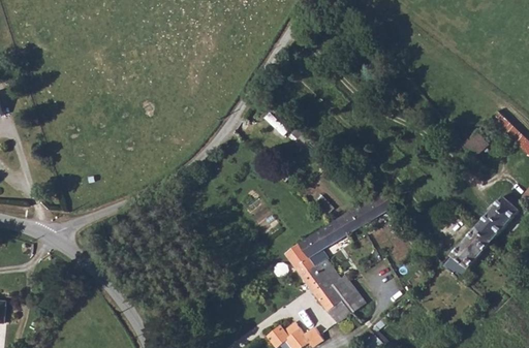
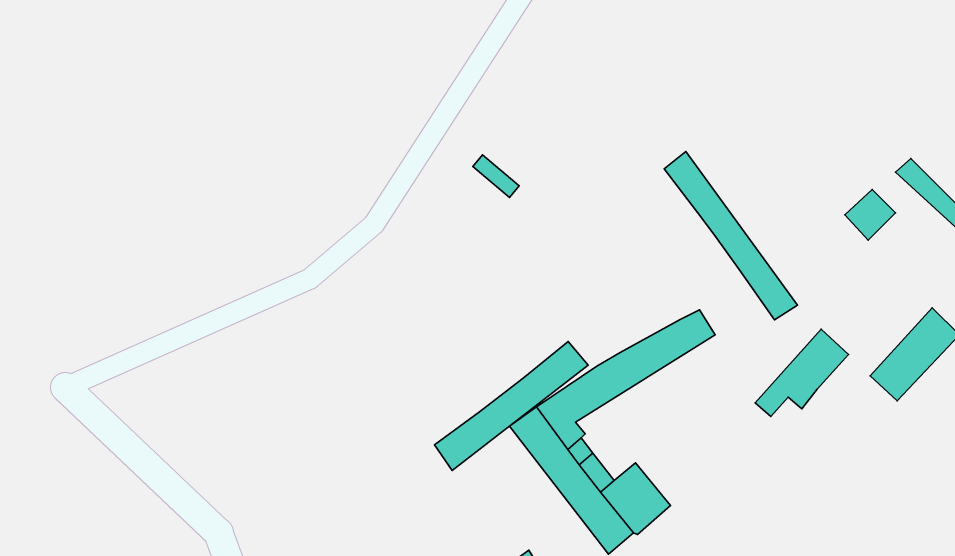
building: none -> [664,151,798,320]
building: none -> [435,341,588,470]
building: [440,227,490,274] -> [755,329,848,416]

